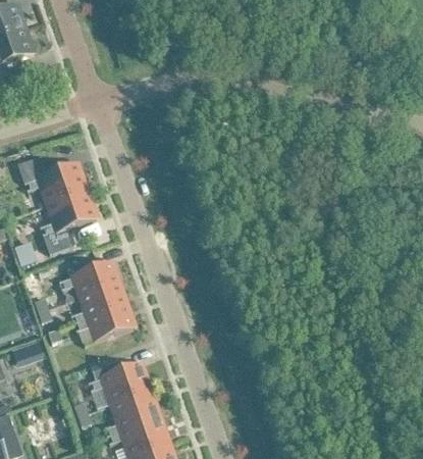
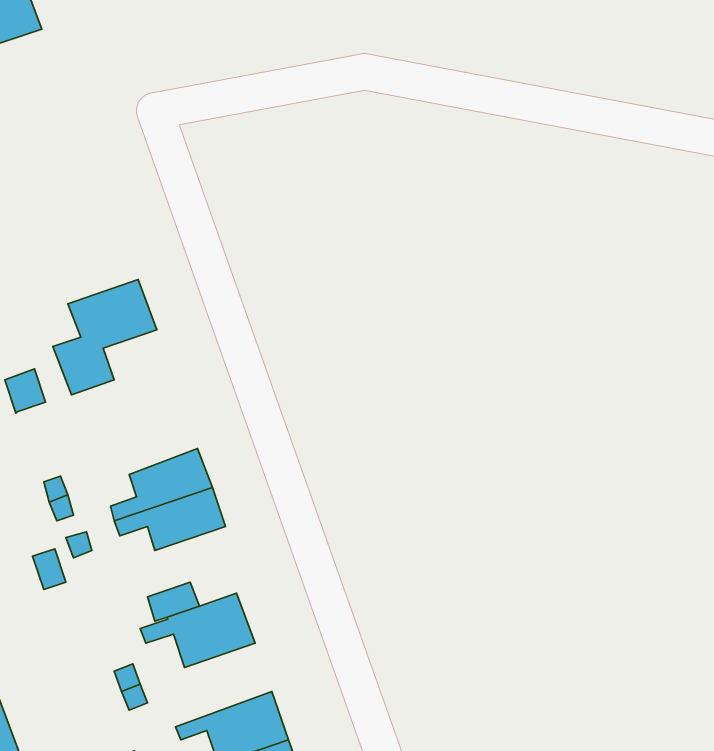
building: [18,156,87,204] -> none
building: [59,262,119,298] -> none
building: [104,391,160,437] -> none

